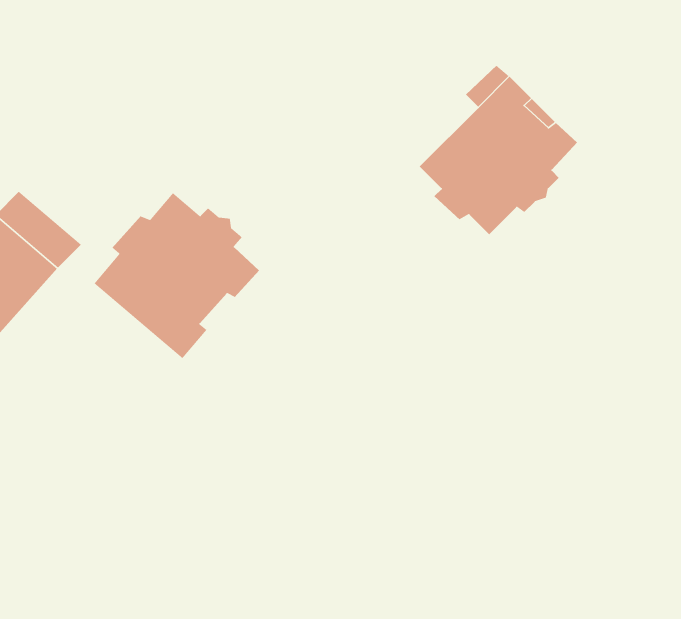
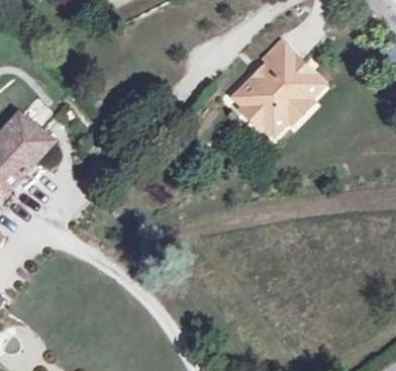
building: [94,192,260,359] -> none

